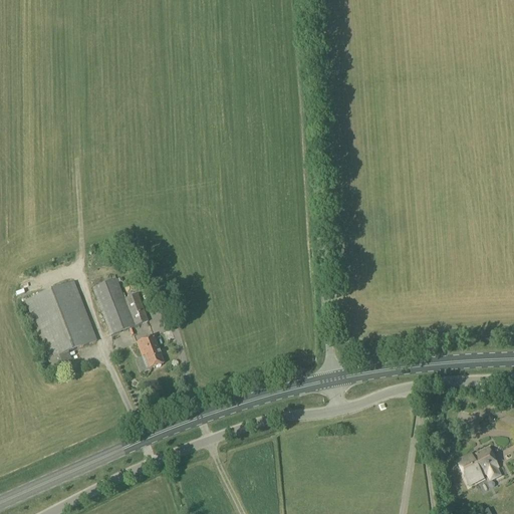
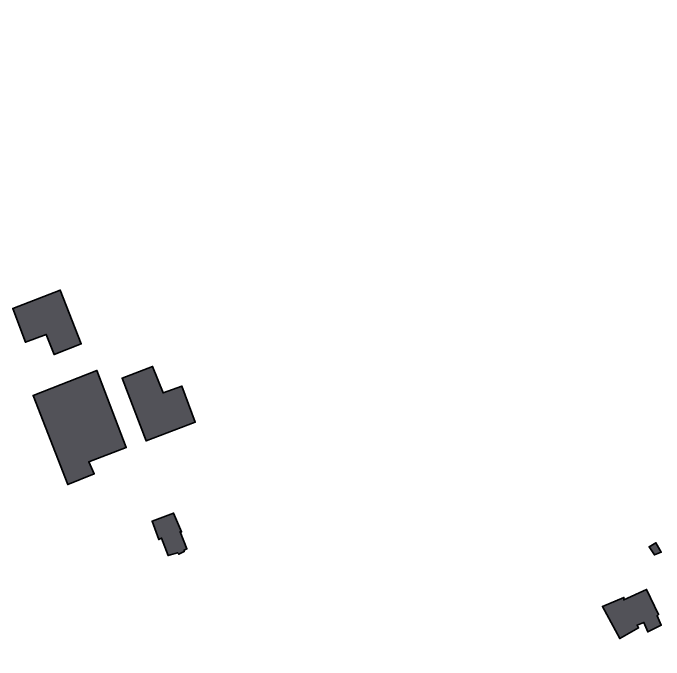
building: none -> [13,290,81,355]
building: [138,334,164,366] -> [152,513,187,556]

